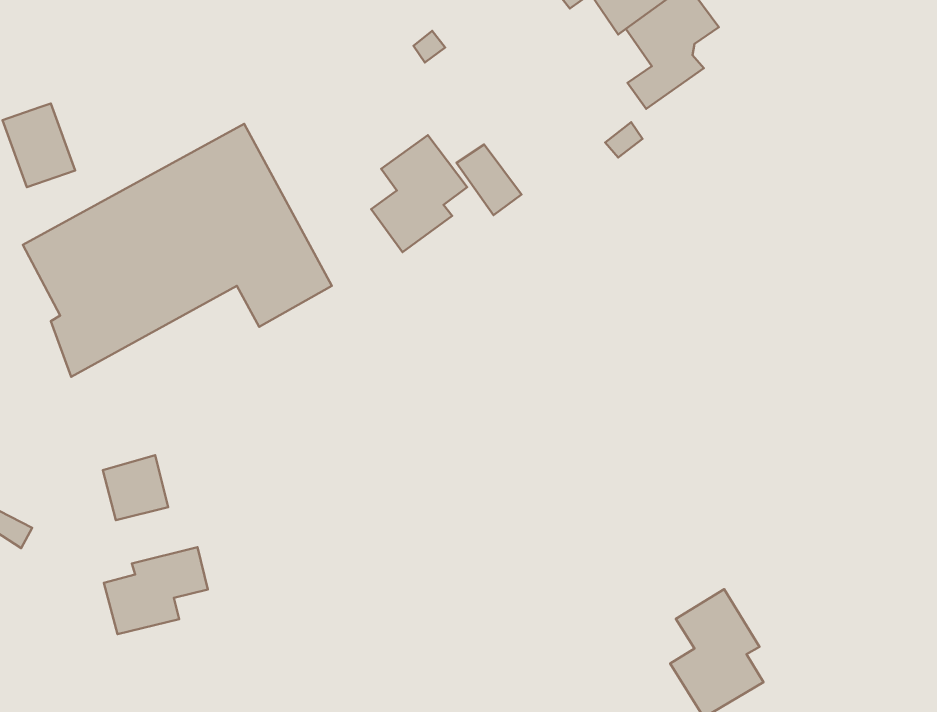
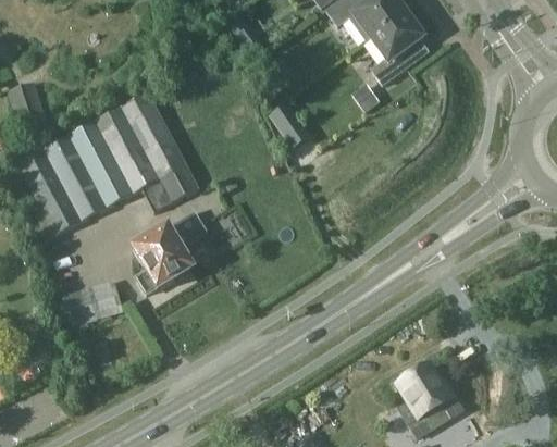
building: [371,135,467,252] -> none
building: none -> [134,210,209,291]
building: [104,547,208,634] -> none

